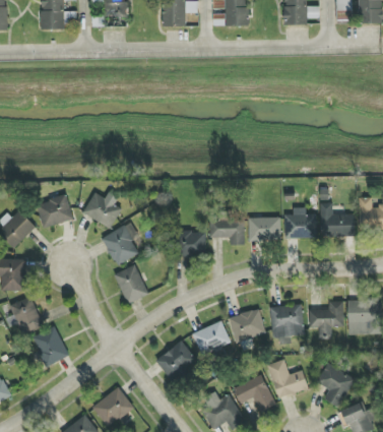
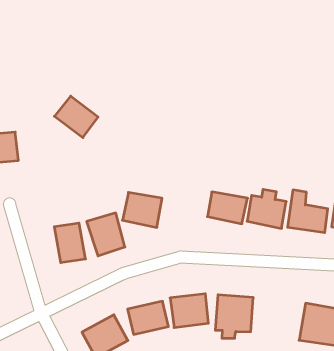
building: [82,193,121,228] -> [54,96,98,138]
building: [209,211,245,245] -> none
building: [101,226,138,266] -> [87,213,125,256]
building: [308,301,343,338] -> none

